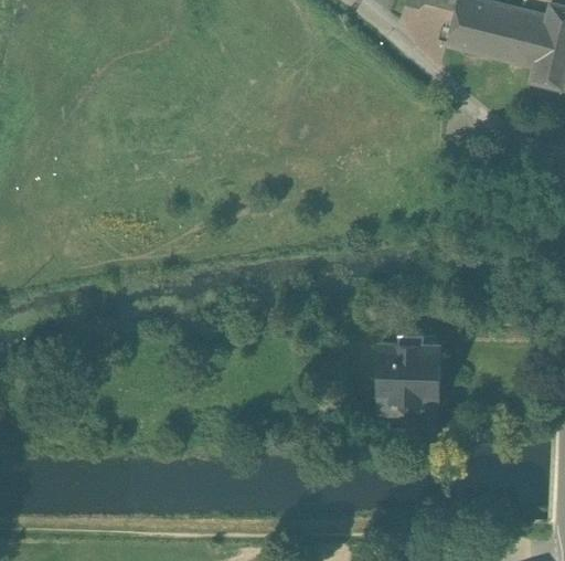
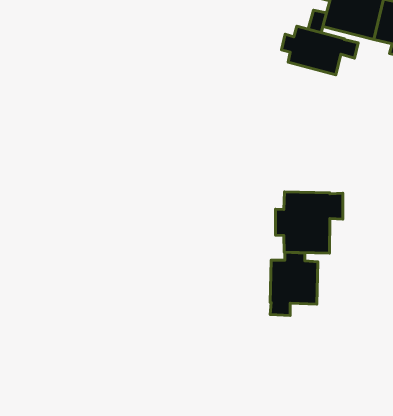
building: none -> [281,26,358,75]
building: none -> [275,192,343,253]

